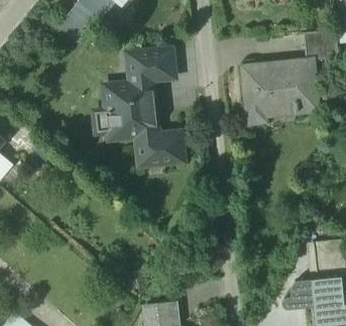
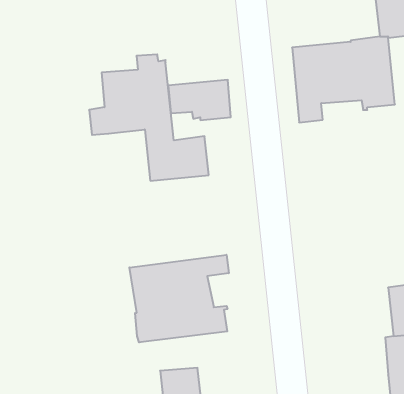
building: [128,50,174,80] -> [168,80,231,120]
building: none -> [129,255,229,342]
building: [281,280,313,309] -> none

